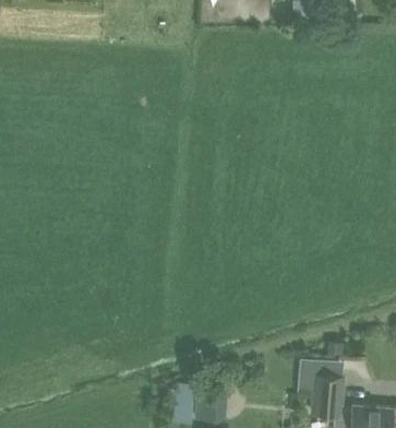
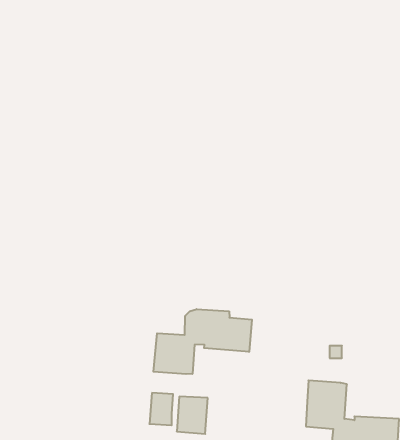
building: none -> [153,309,252,374]

